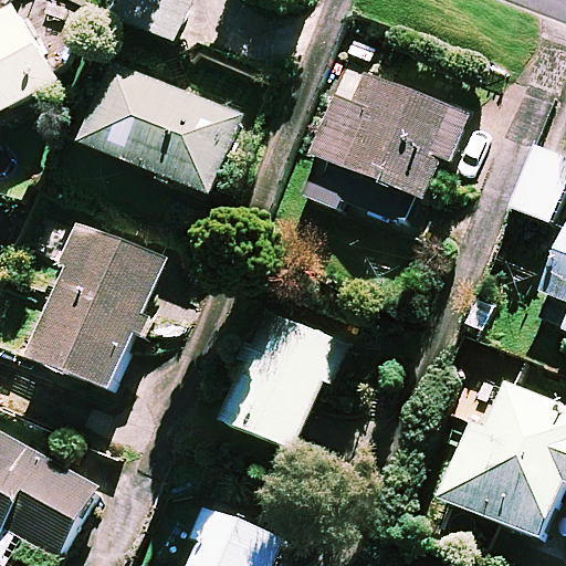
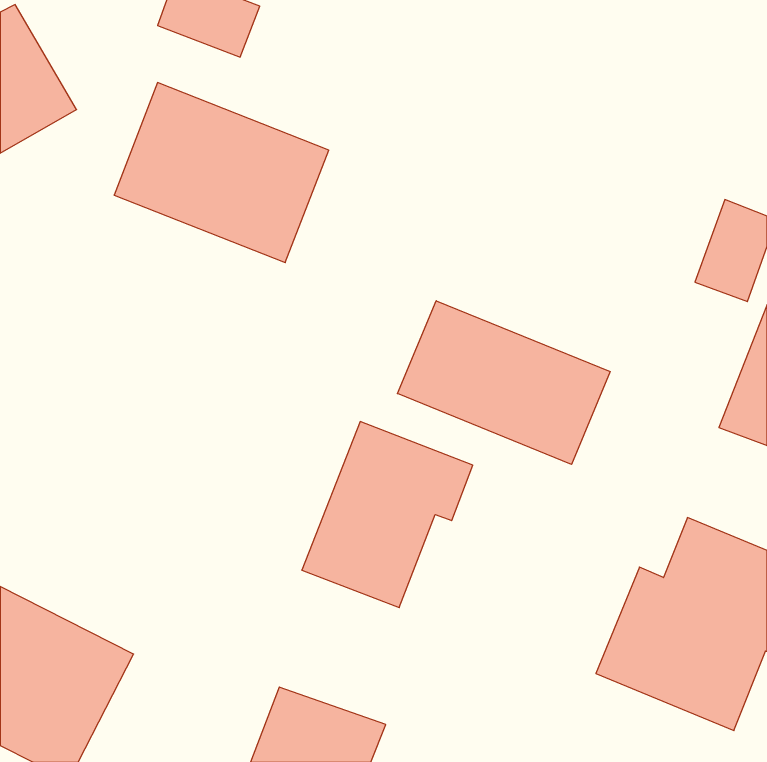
building: [311,65,468,224] -> none
building: none -> [397,301,610,464]
building: [30,226,165,390] -> none

